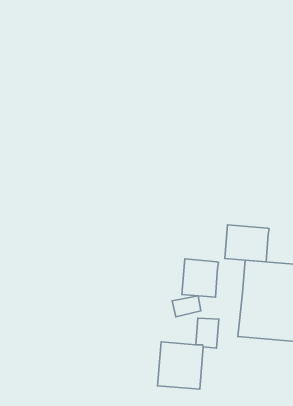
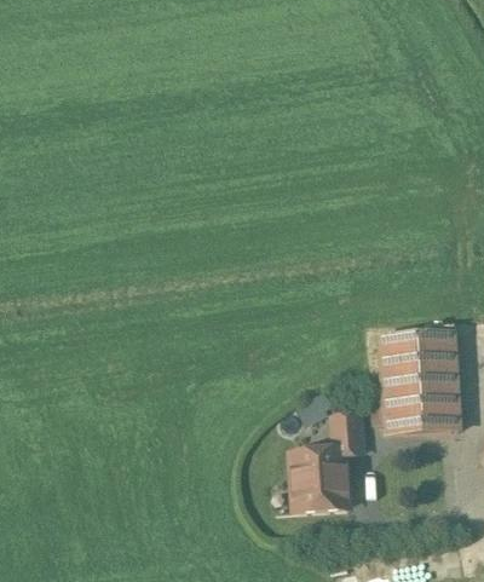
building: [225,225,269,262] -> none
building: [182,259,218,297] -> none

